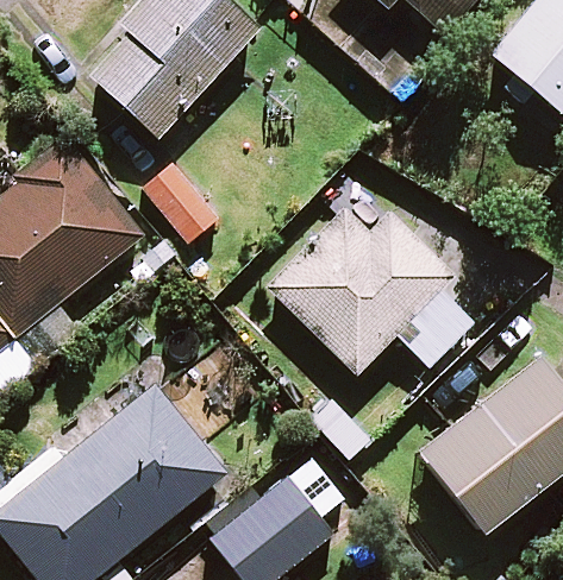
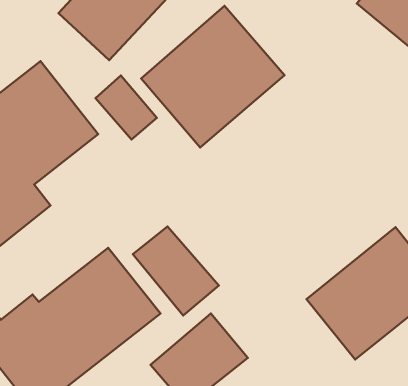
building: none -> [141,6,285,147]
building: [267,207,481,372] -> none
building: none -> [133,227,219,315]

